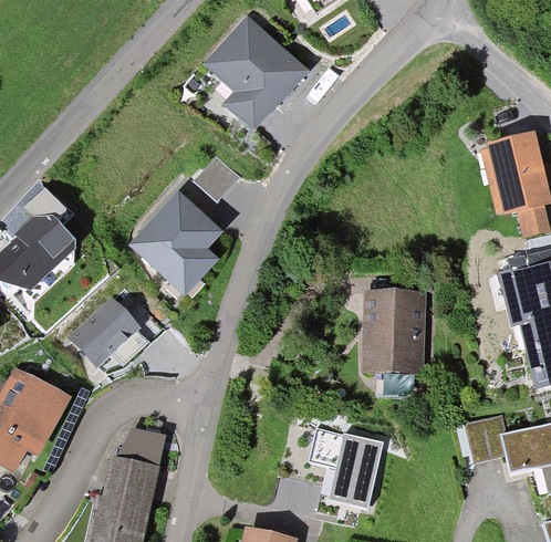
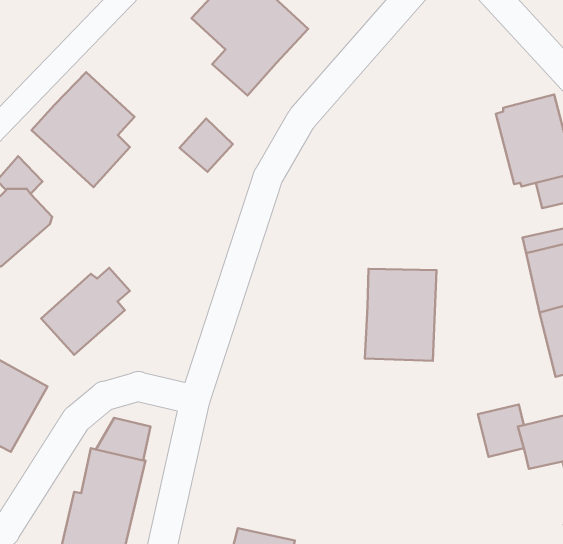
building: [129,191,223,296] -> [32,72,135,187]
building: [310,427,383,508] -> none

